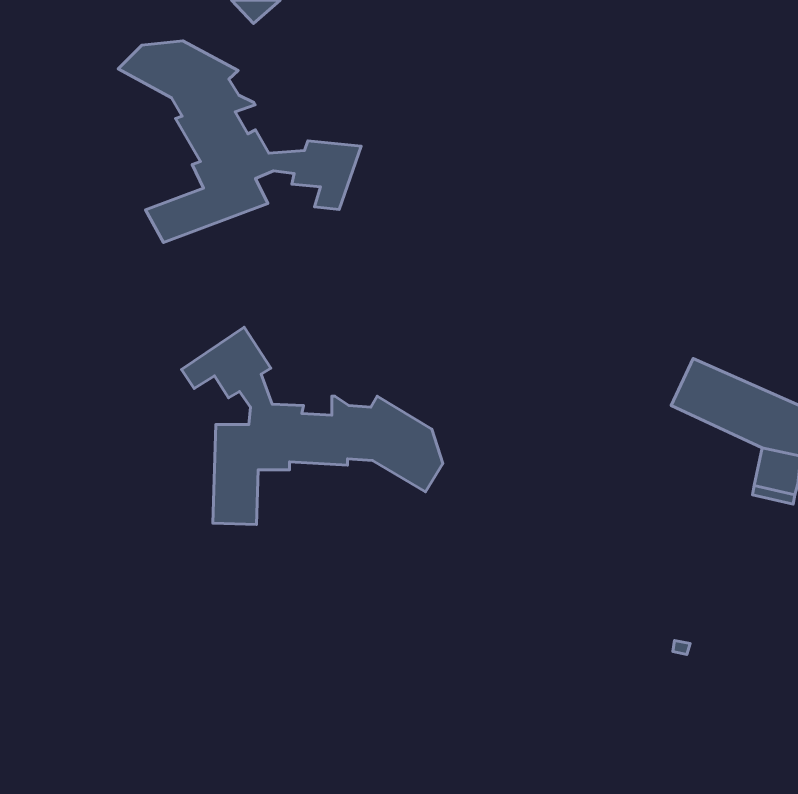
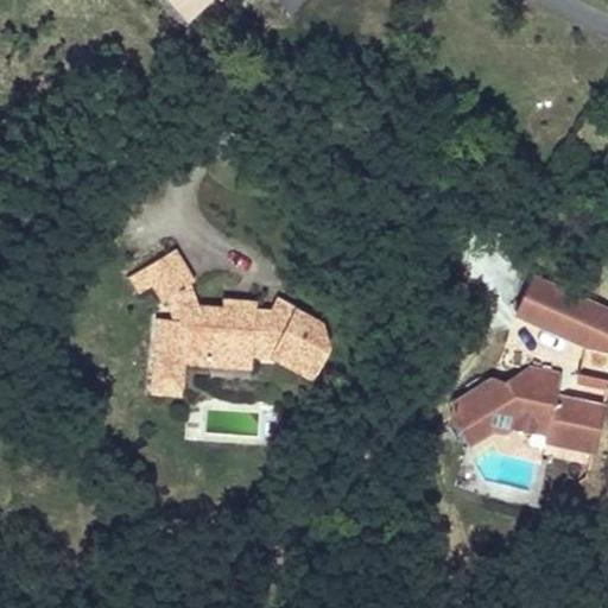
building: [118,41,361,242] -> none
building: none -> [445,368,600,451]

